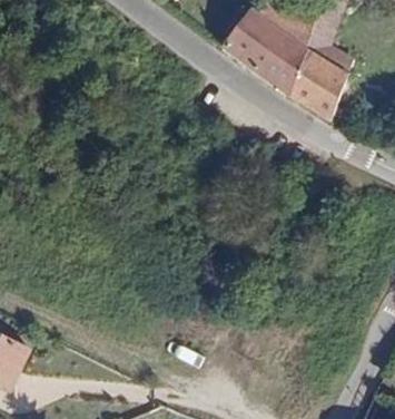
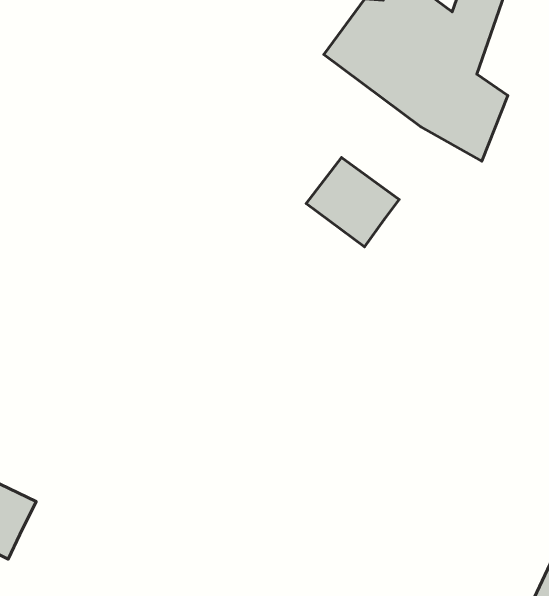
building: none -> [306,157,399,247]

